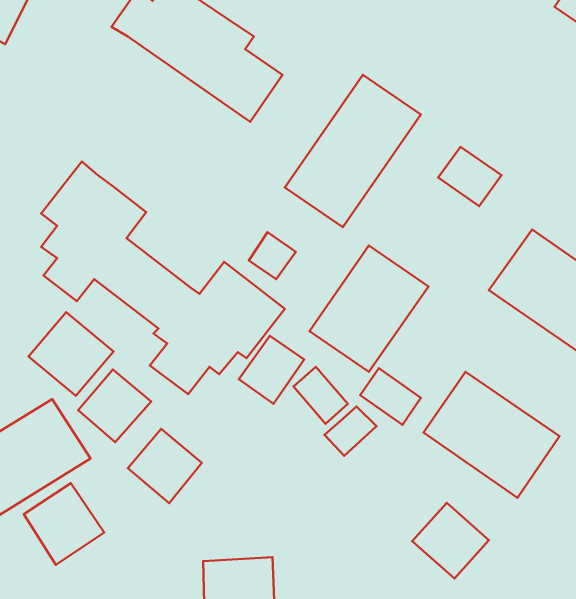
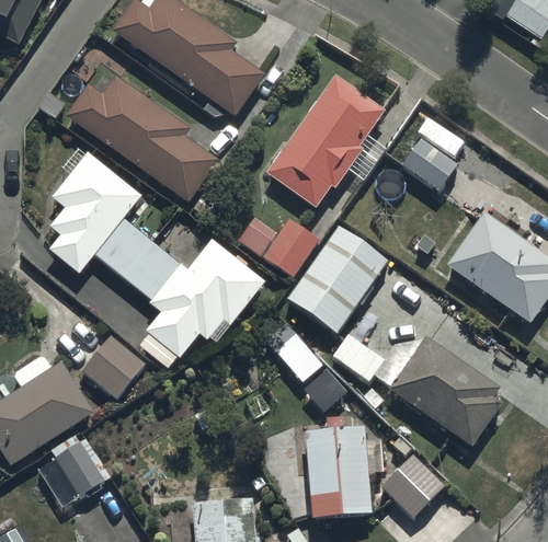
building: none -> [65,72,218,201]
building: [28,312,113,396] -> none
building: [239,336,304,404] -> [263,217,321,277]
building: [128,429,202,503] -> none
building: none -> [305,427,373,519]

